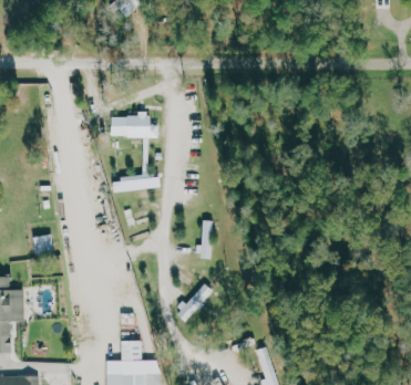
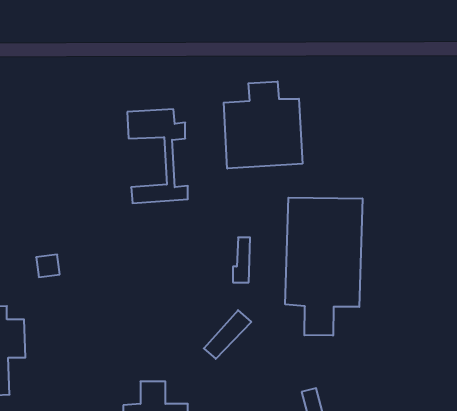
building: none -> [224,81,302,169]
building: none -> [285,198,362,336]

